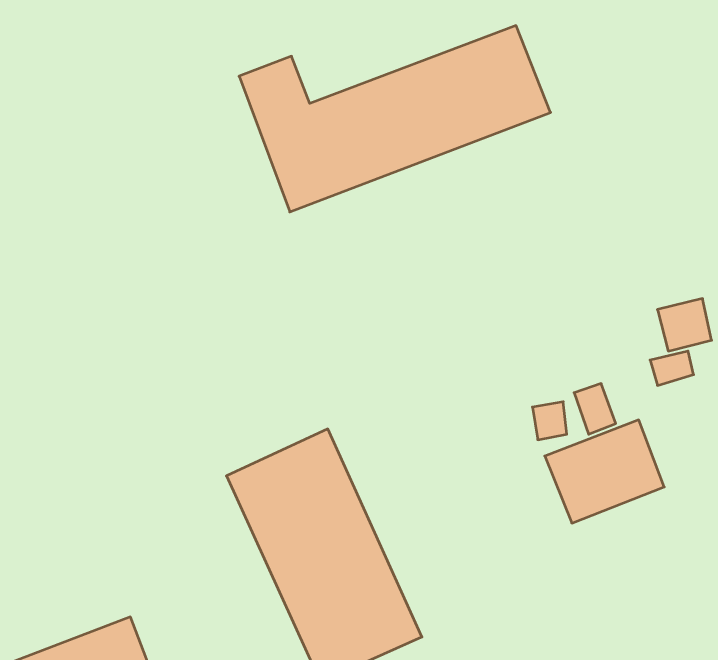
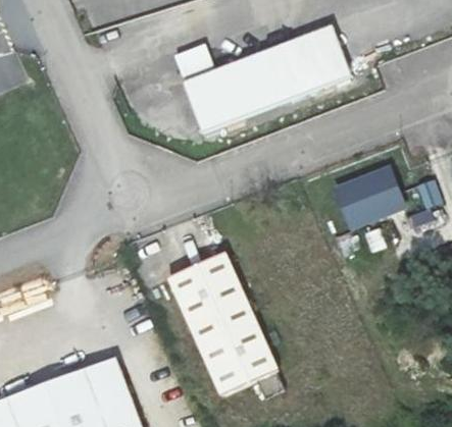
building: [545,420,664,523] -> [337,169,404,227]

